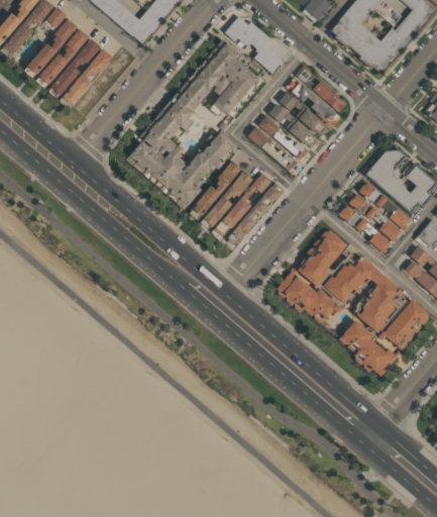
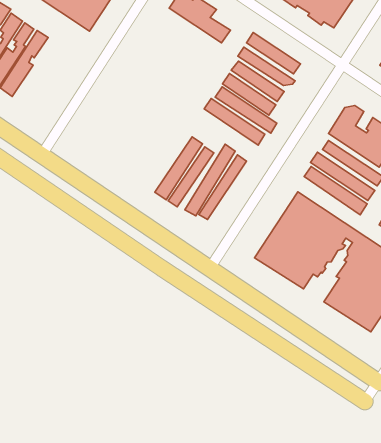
building: [127,43,256,206] -> none
building: [63,45,114,107] -> none

